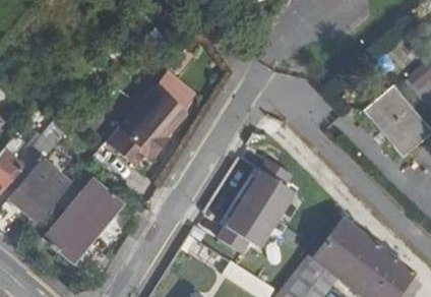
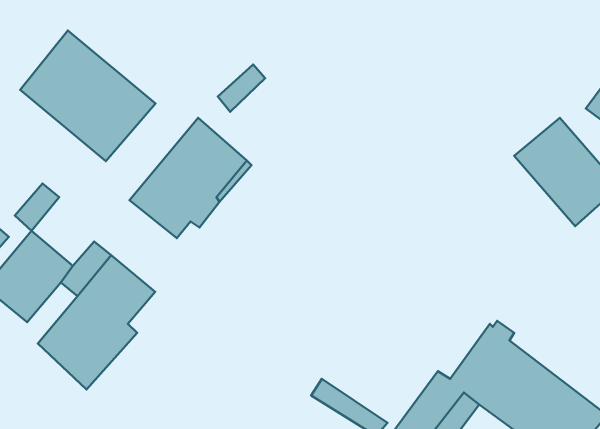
building: none -> [20,30,155,161]
building: [221,158,297,251] -> none

